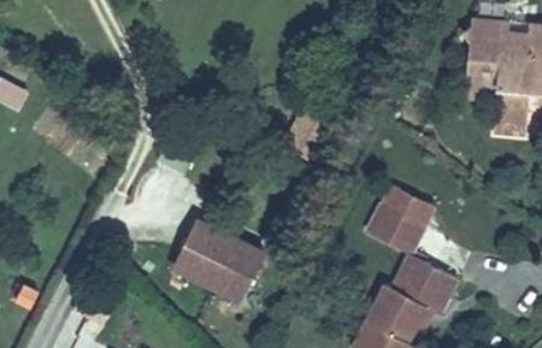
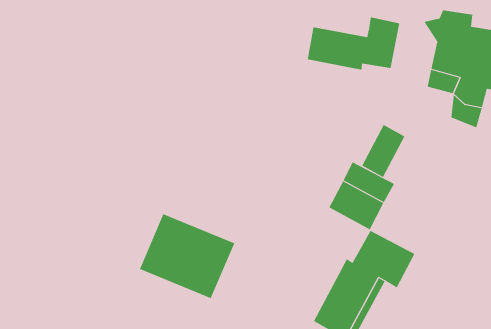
building: none -> [307,17,400,71]
building: none -> [361,124,405,178]

